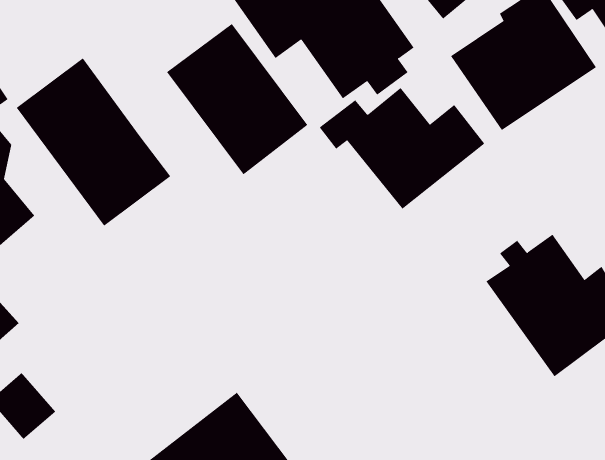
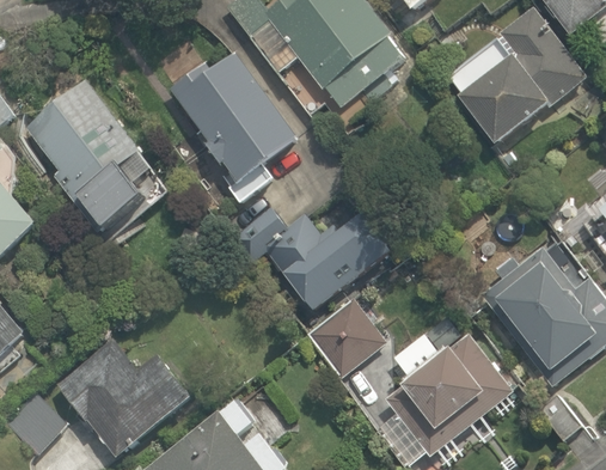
building: [319,87,485,210] -> [232,193,394,312]
building: none -> [305,295,381,372]
building: none -> [384,328,510,459]
building: none -> [51,336,207,460]

